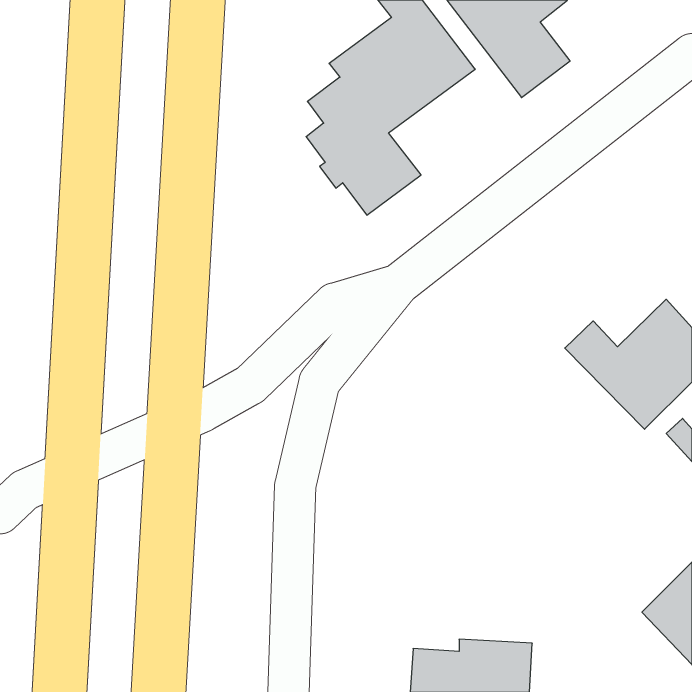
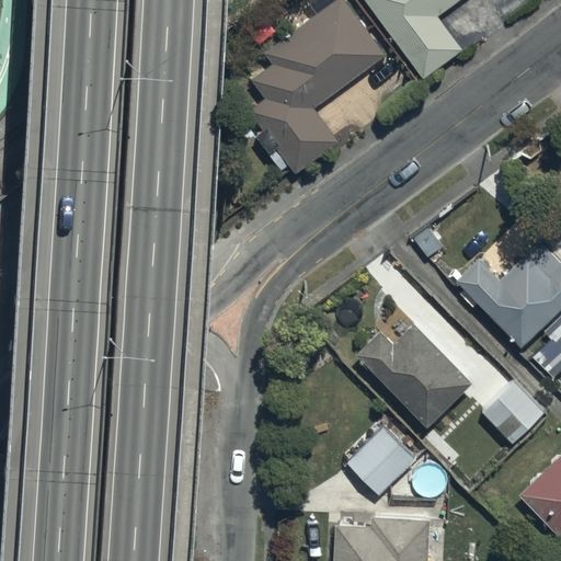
building: none -> [357,324,473,428]
building: none -> [484,382,547,443]
building: none -> [348,428,413,493]

